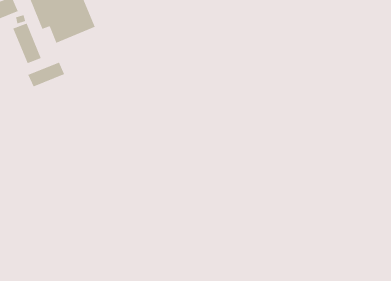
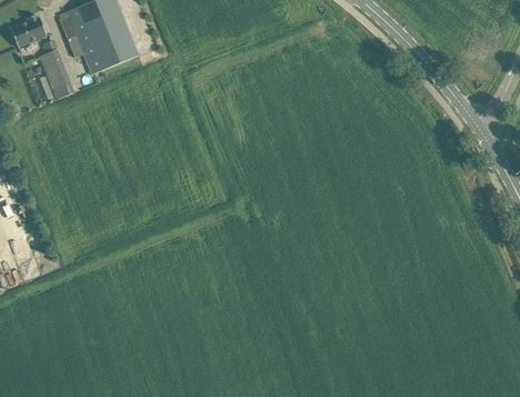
building: [27,61,65,88] -> none

